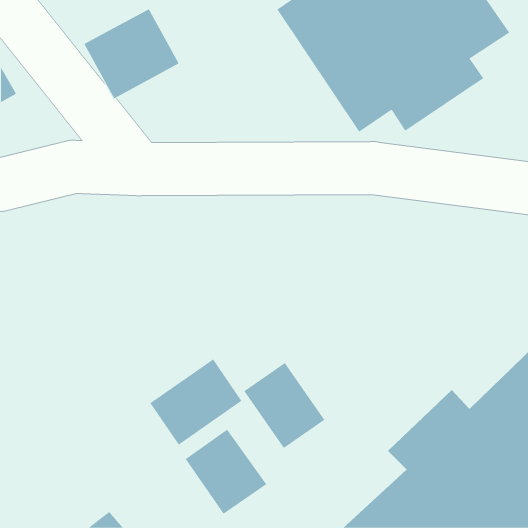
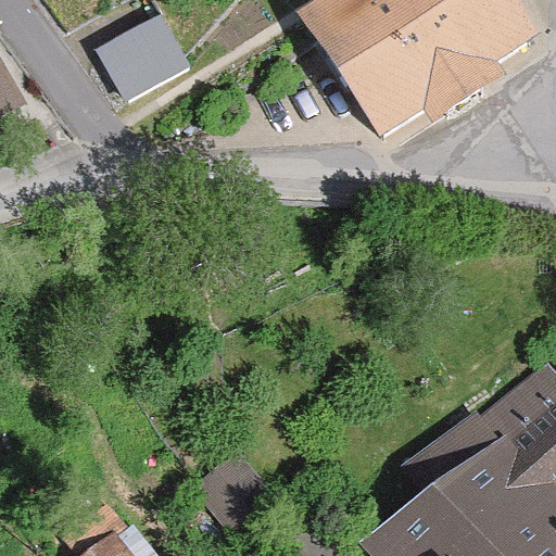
building: [150,359,242,445] -> none
building: [243,362,325,449] -> none

